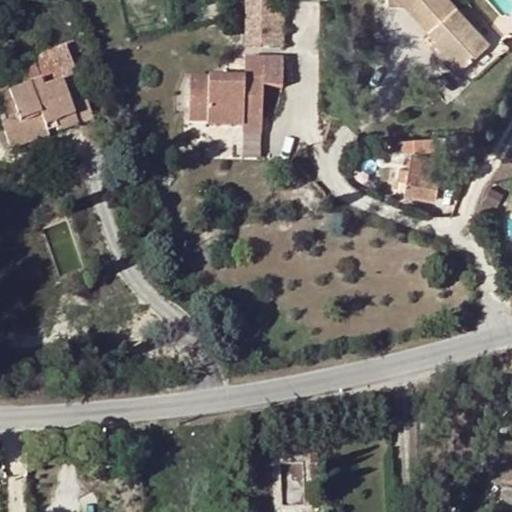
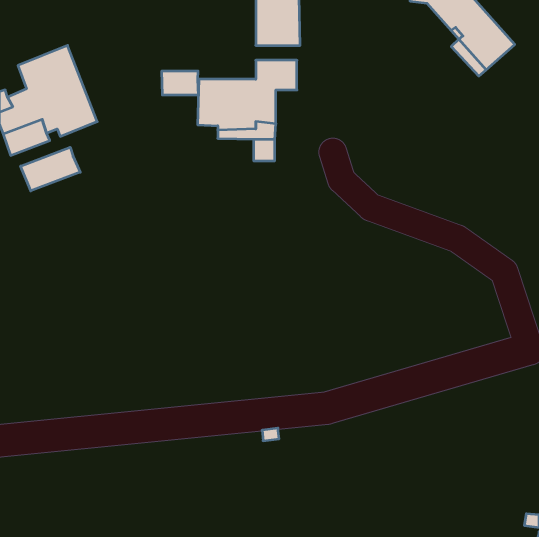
building: none -> [162,71,198,95]
building: none -> [21,147,80,191]
building: [403,148,450,196] -> none

